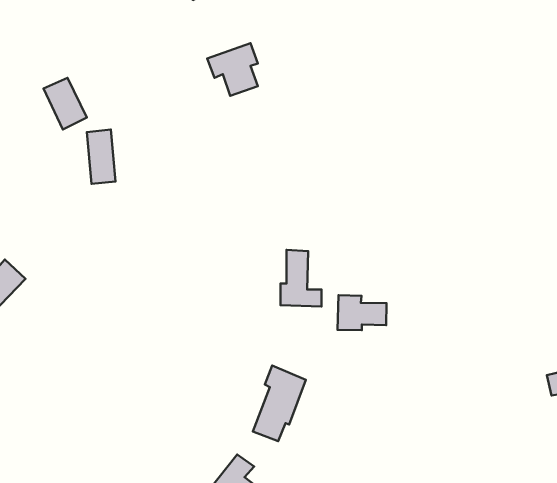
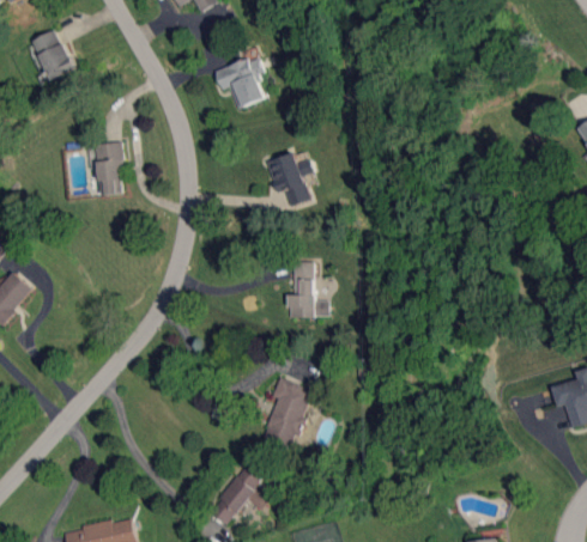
building: [43,78,87,129] -> [31,29,74,80]
building: none -> [267,152,315,206]
building: [337,295,386,330] -> none

